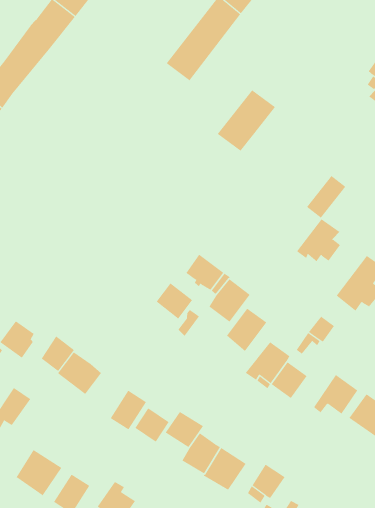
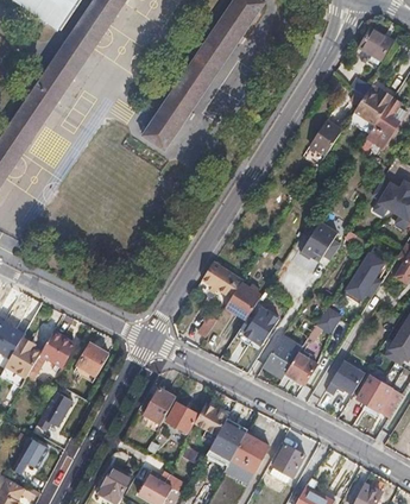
building: [217,90,276,151] -> [143,93,194,149]
building: [306,175,346,218] -> [307,120,341,159]
building: [156,282,193,319] -> none
building: [57,351,102,395] -> none
building: [16,449,62,497] -> none

